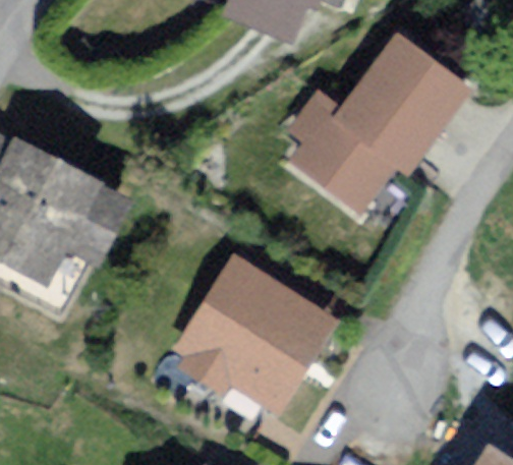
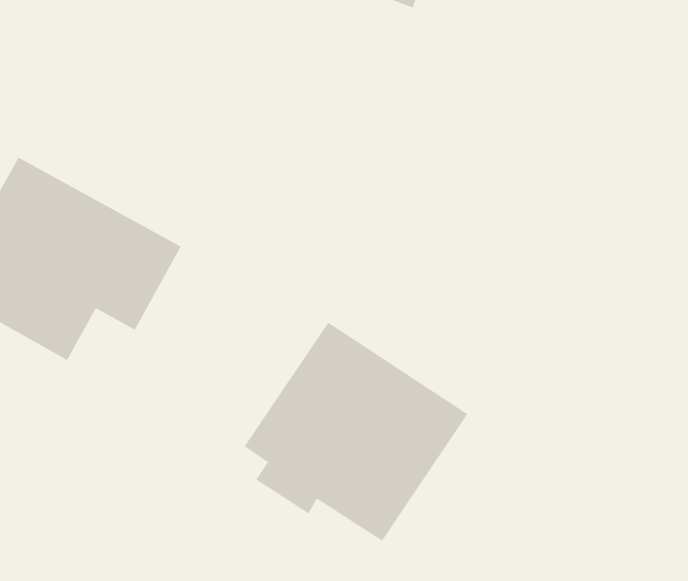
building: [295,38,464,207] -> none

